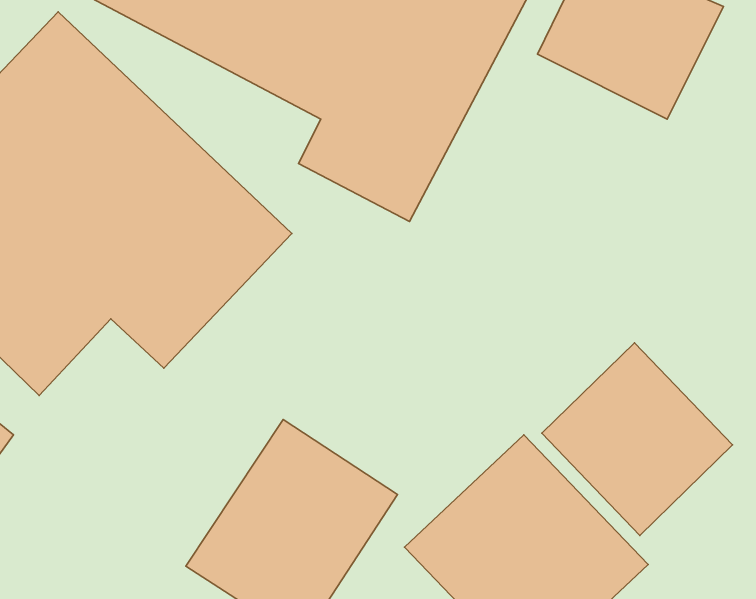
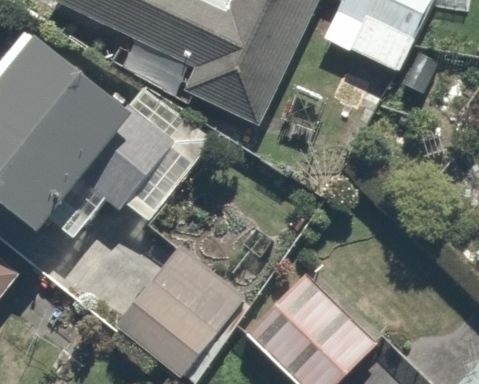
building: [542,343,733,535] -> none

